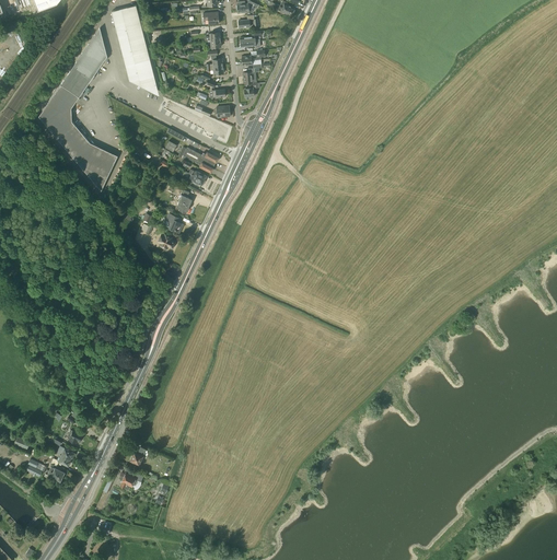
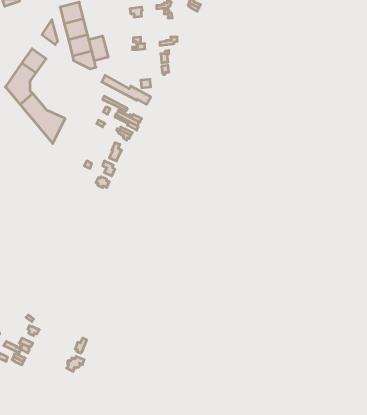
building: [73,47,104,79] -> none
building: none -> [89,36,108,61]

